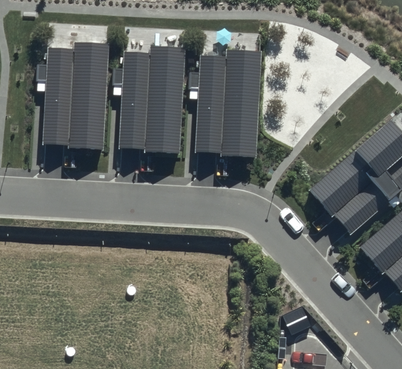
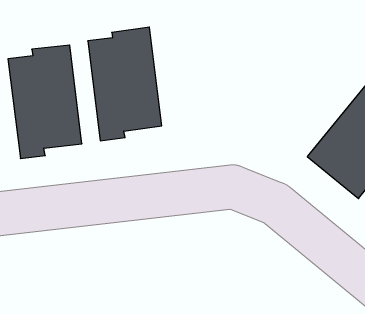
building: [198,50,259,148] -> none

